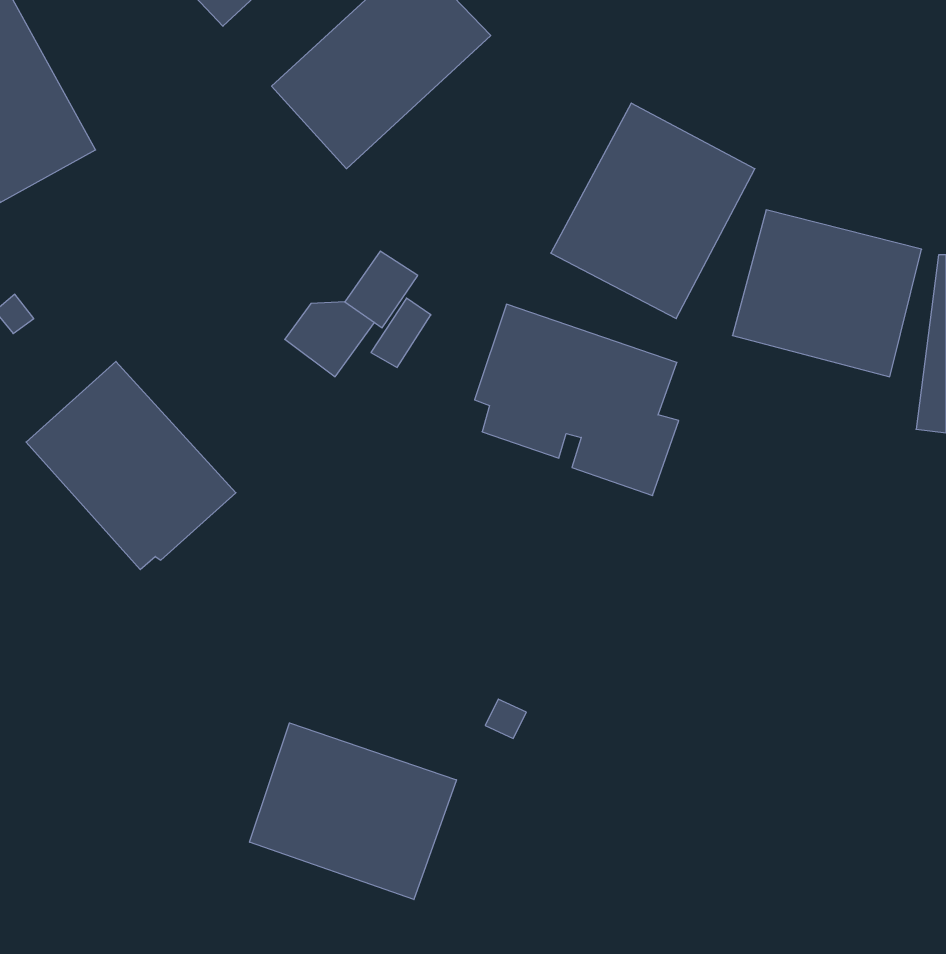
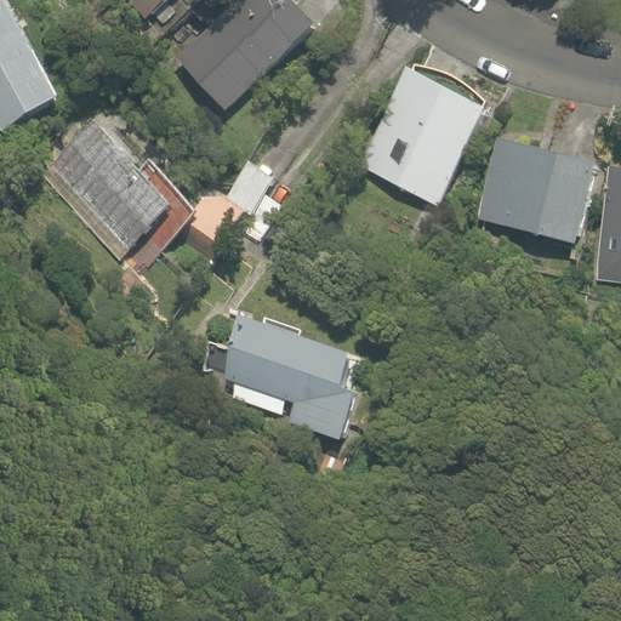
building: [475,304,679,496] -> [224,315,357,439]
building: [26,361,236,570] -> [39,121,175,256]
building: [250,723,456,900] -> none

